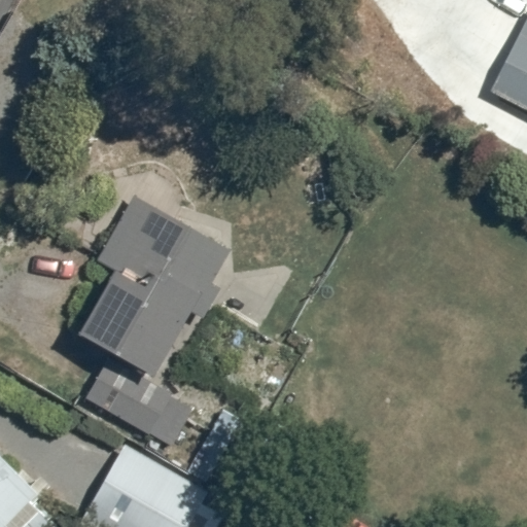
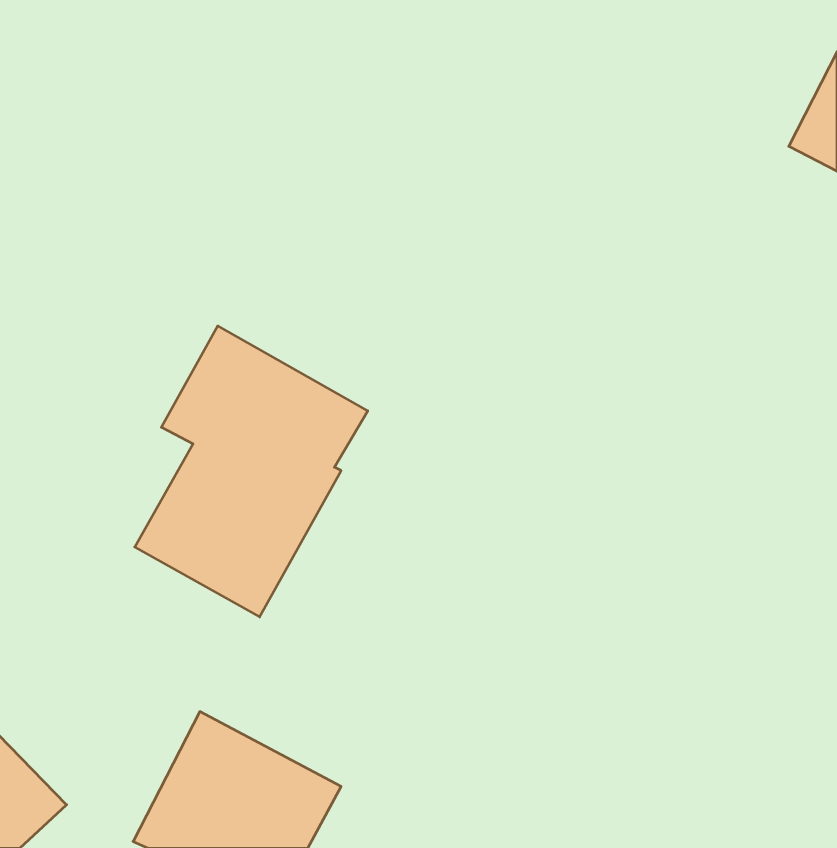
building: [87,364,190,445] -> none

